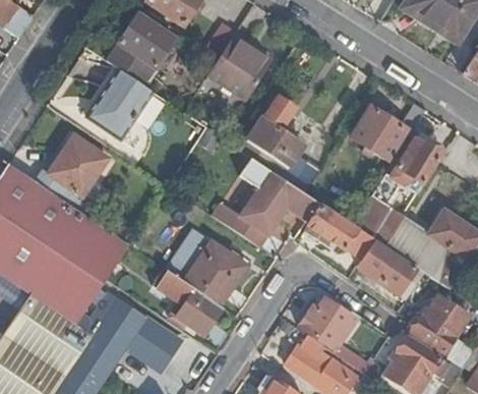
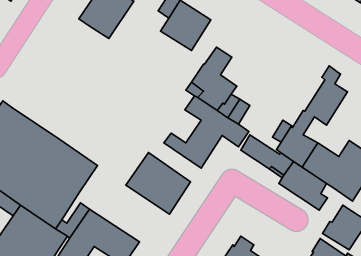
building: [86,69,153,139] -> none
building: [351,103,424,160] -> none
building: [36,133,109,208] -> none
building: [152,268,222,335] -> none
building: [297,295,356,350] -> none

